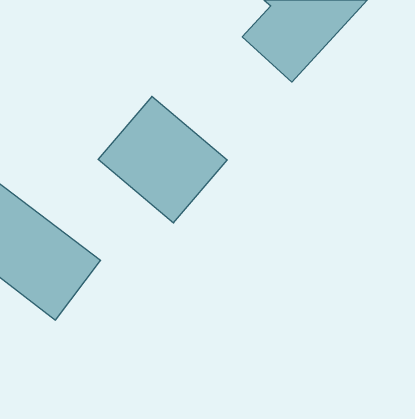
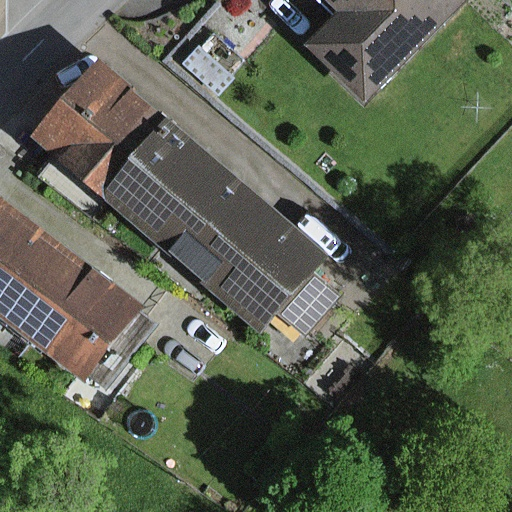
building: none -> [49,69,181,201]
building: none -> [207,202,349,343]

